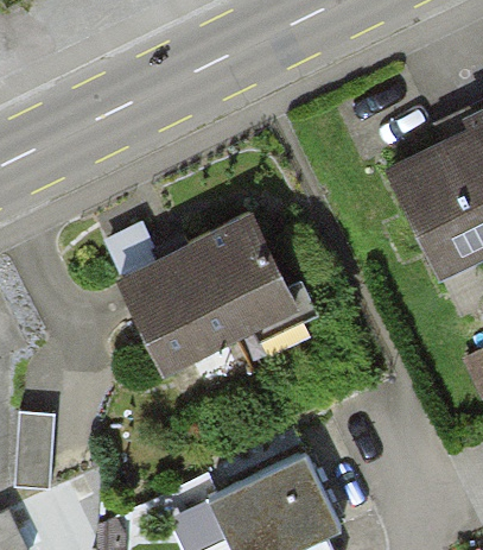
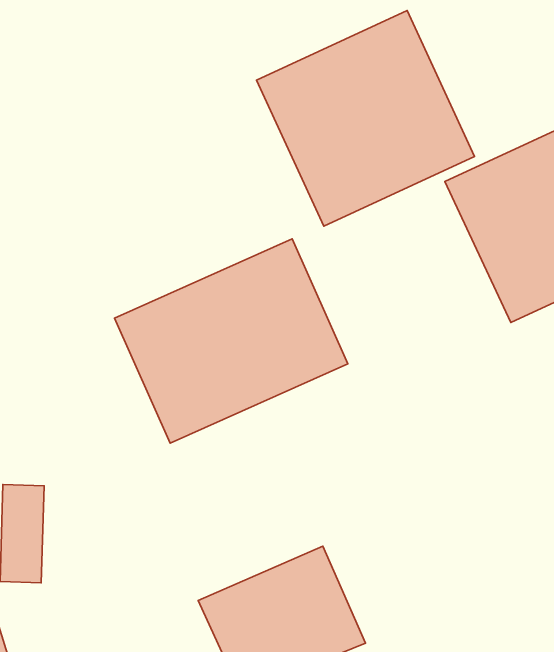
building: none -> [257,11,474,226]

